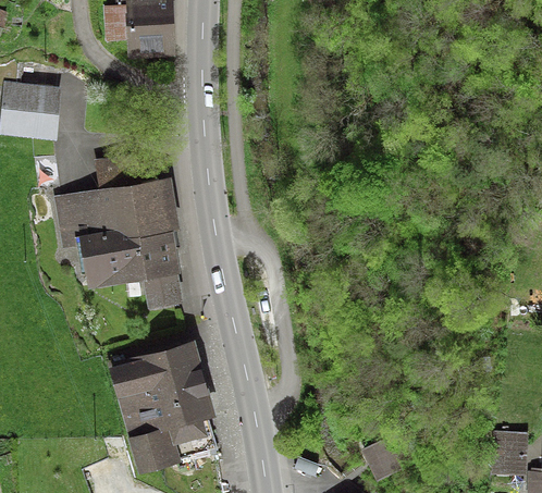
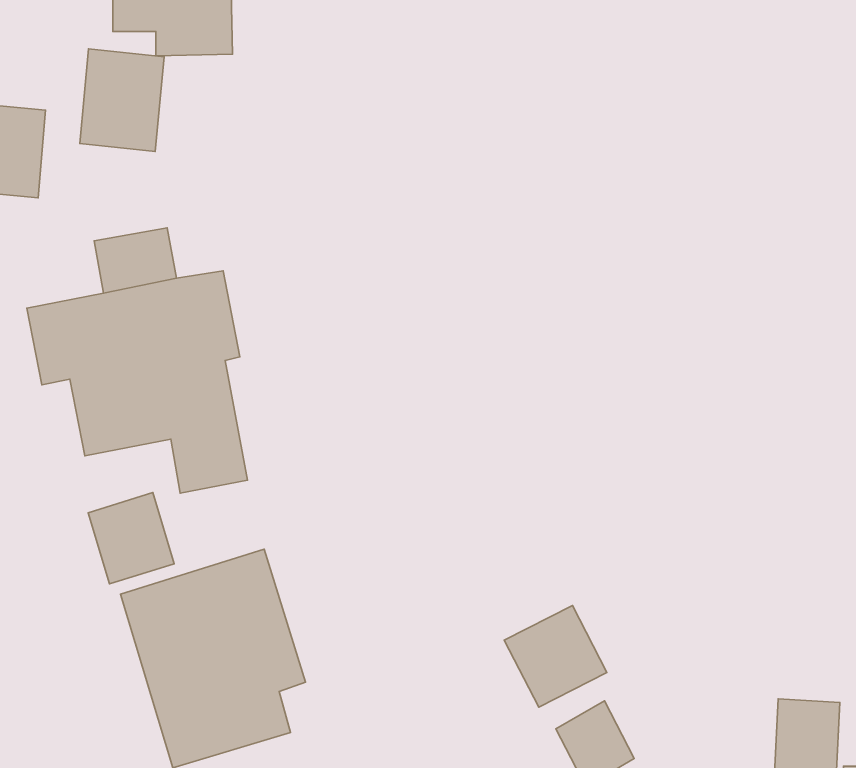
building: none -> [80,49,164,151]
building: none -> [88,493,174,584]
building: none -> [504,606,607,707]

